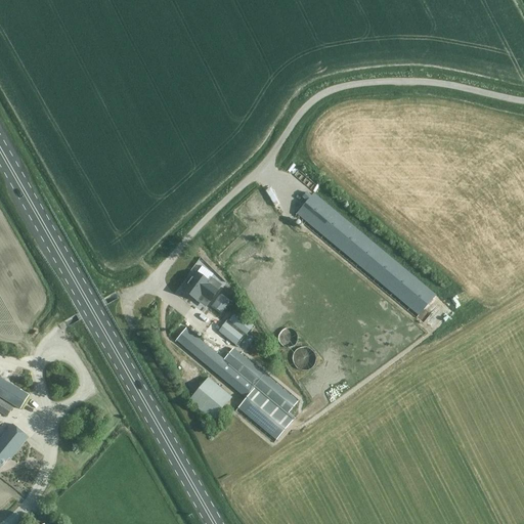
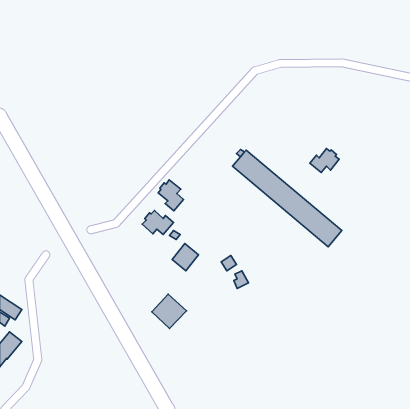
building: none -> [310,149,339,173]
building: none -> [158,180,183,211]
building: [176,326,298,438] -> none

